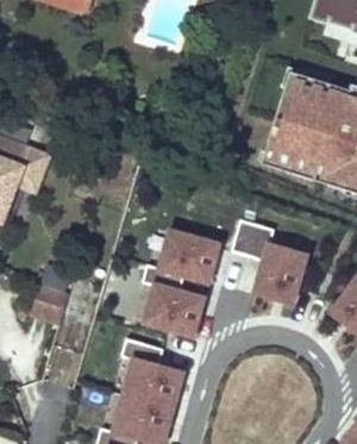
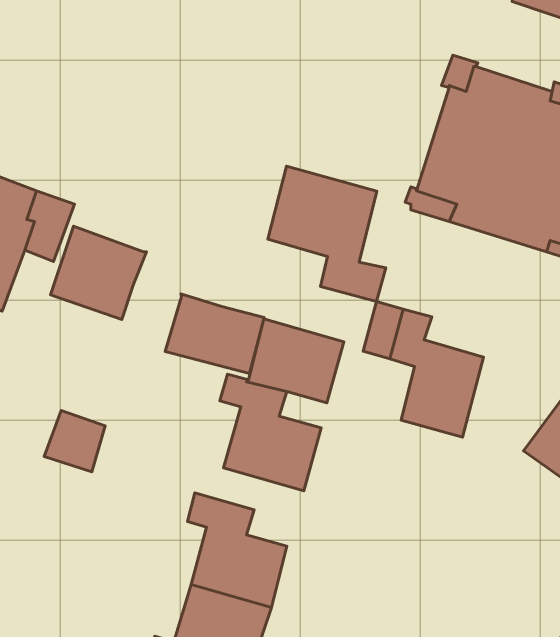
building: none -> [268,166,386,302]
building: none -> [51,226,147,319]
building: none -> [165,294,264,374]

